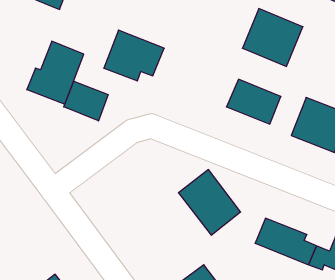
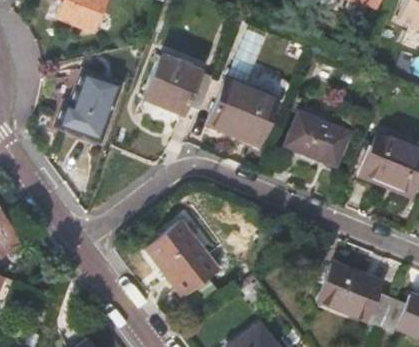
building: [242,9,303,66] -> [210,75,280,142]
building: [64,81,108,121] -> none
building: [178,170,241,235] -> [149,223,221,299]

